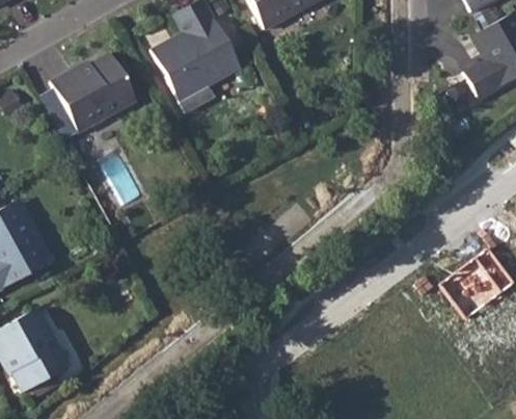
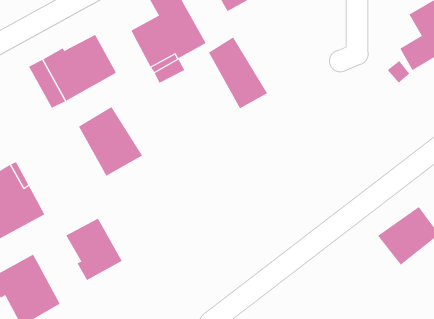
building: none -> [208,37,268,109]
building: none -> [78,106,143,176]
building: none -> [66,218,123,281]

